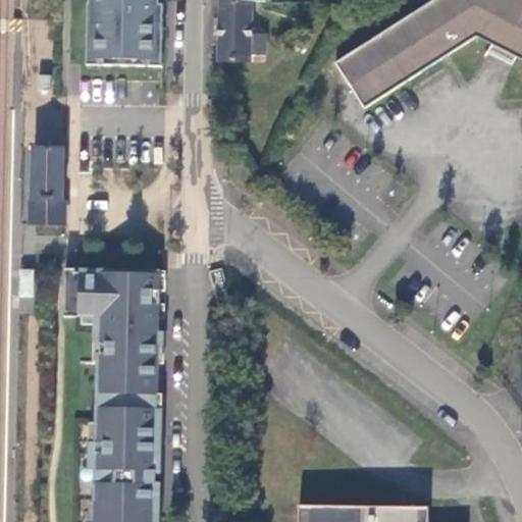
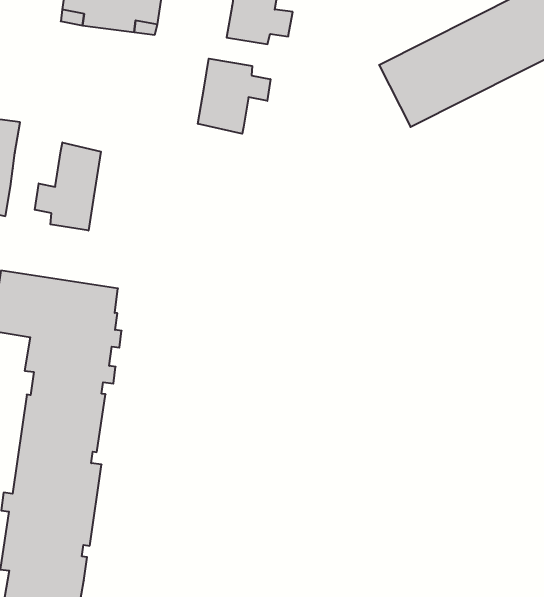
building: none -> [198,59,270,134]
building: none -> [35,142,101,231]

